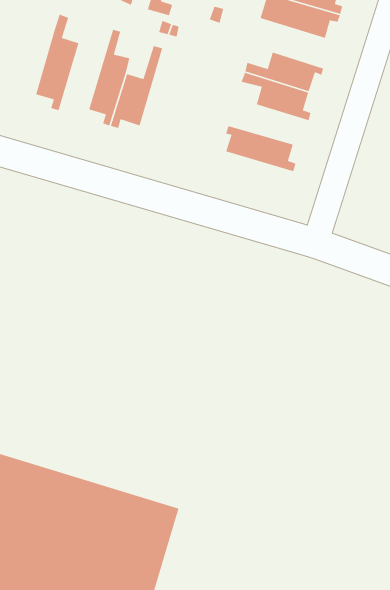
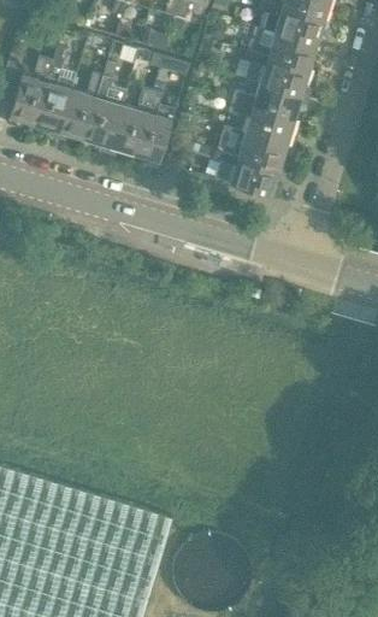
building: none -> [243,52,311,99]
building: none -> [6,57,52,127]
building: none -> [57,59,107,142]
building: none -> [134,80,175,170]
building: none -> [217,134,294,171]

